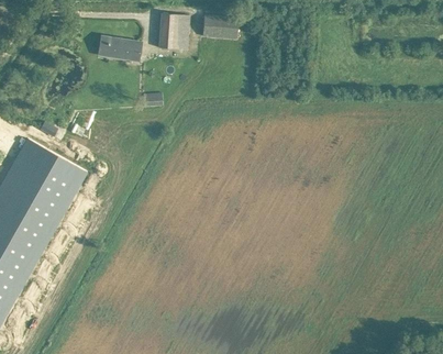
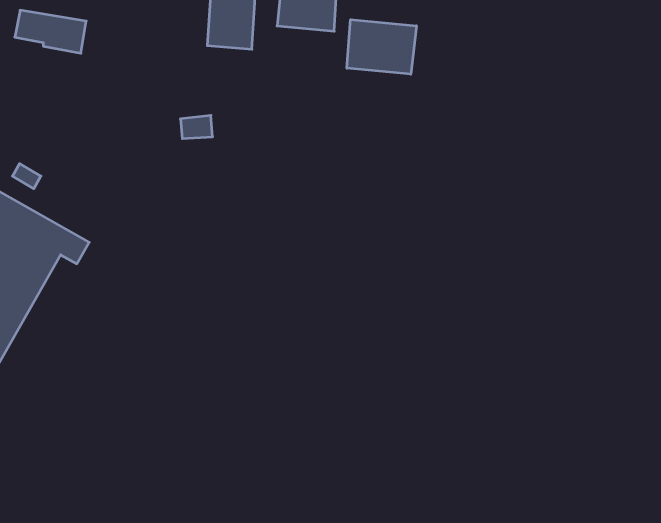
building: none -> [347,20,416,74]
building: [99,38,143,65] -> [15,10,86,53]

